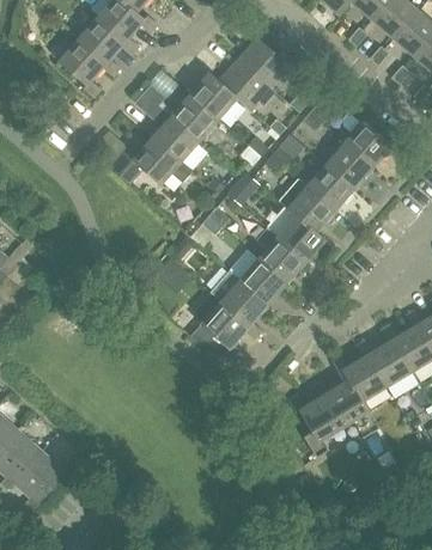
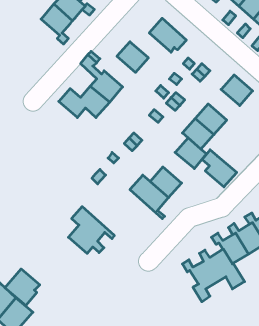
building: [59,38,107,97] -> none
building: [220,59,275,109] -> none
building: [172,93,219,139] -> none
building: [327,142,373,188] -> none
building: [255,226,306,281] -> [202,150,237,187]
building: [190,291,258,360] -> [68,207,114,253]
building: none -> [5,269,40,305]

